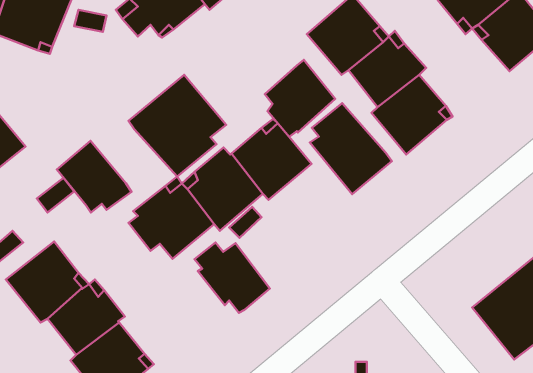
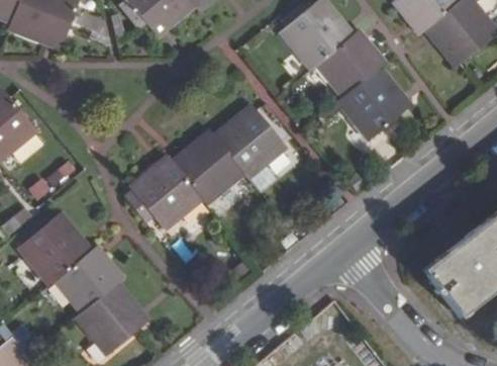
building: [265,60,335,137] -> none
building: [129,75,226,177] -> none
building: [310,103,392,194] -> none
building: [57,141,132,213] -> none
building: [194,243,270,313] -> none

